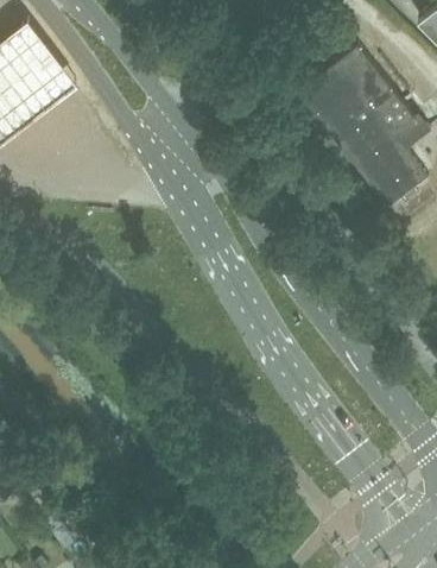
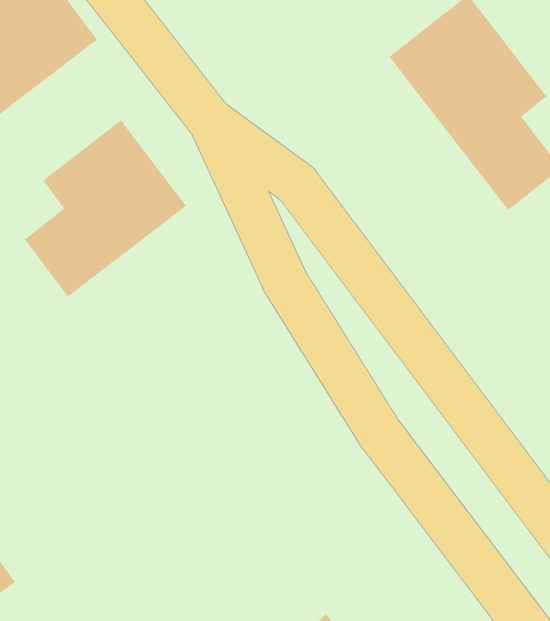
building: none -> [24,119,187,297]

